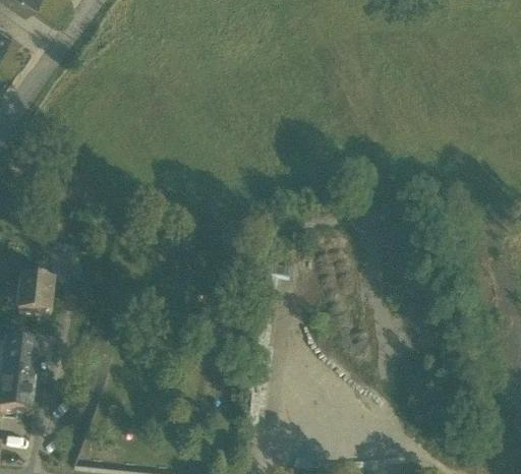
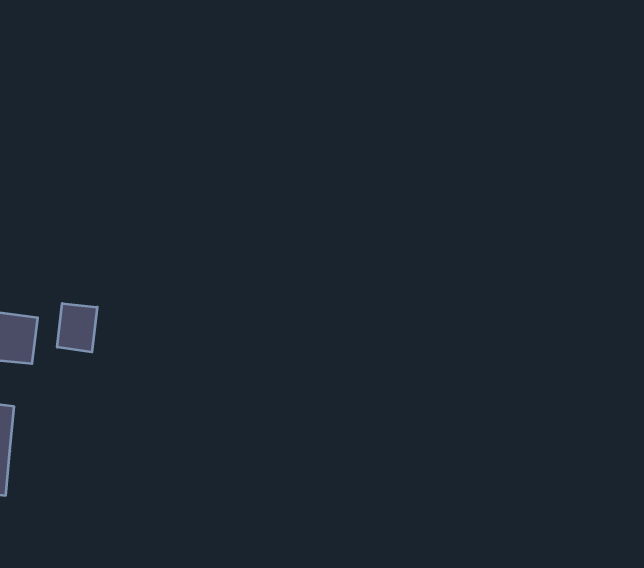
building: none -> [57,303,97,352]

